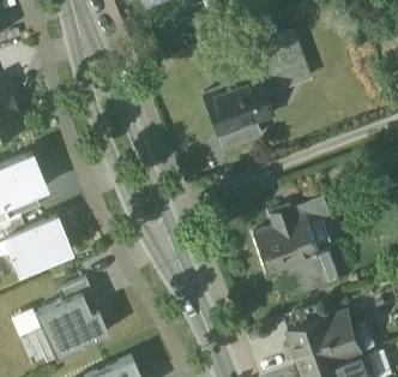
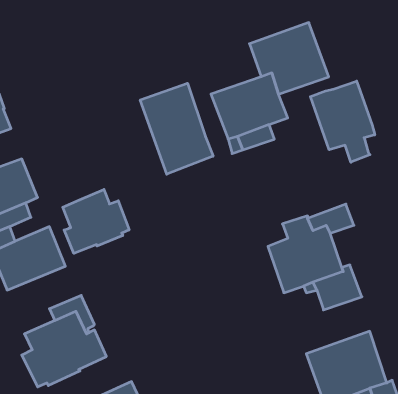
building: none -> [310,81,375,162]
building: none -> [140,83,213,174]
building: none -> [63,189,129,253]

